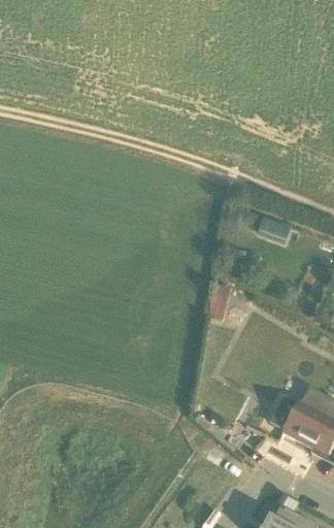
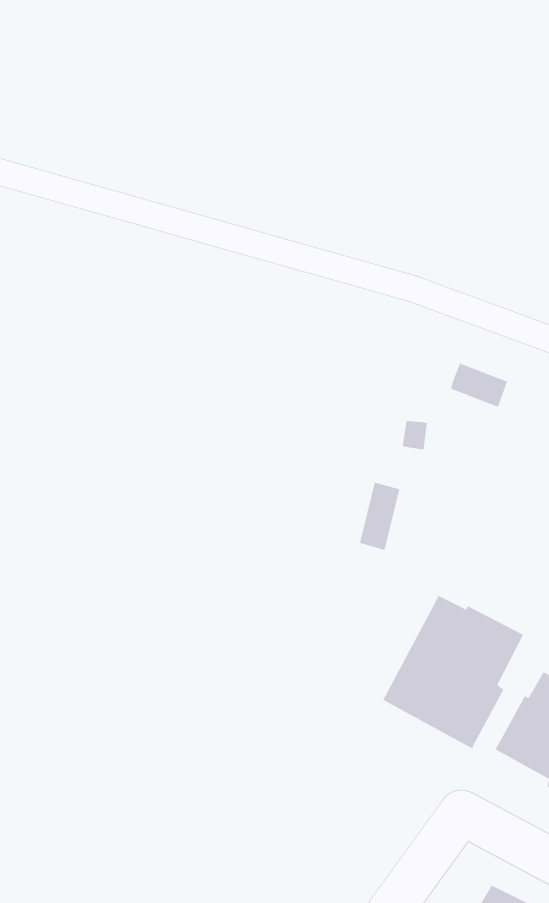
building: none -> [383,595,524,749]

